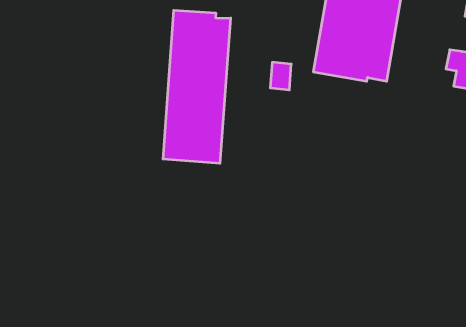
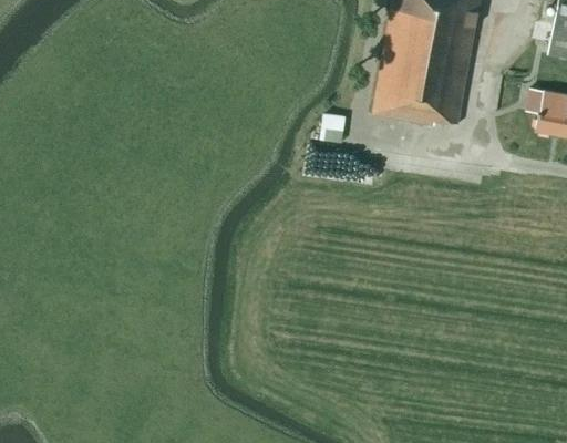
building: [163,10,231,163] -> none

